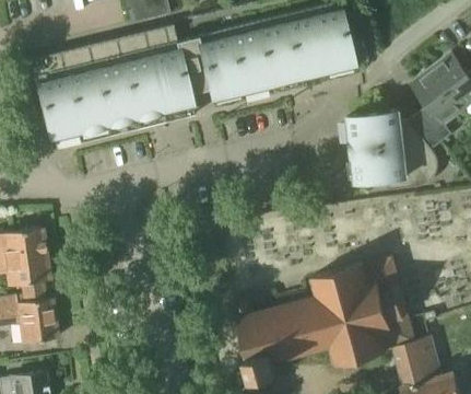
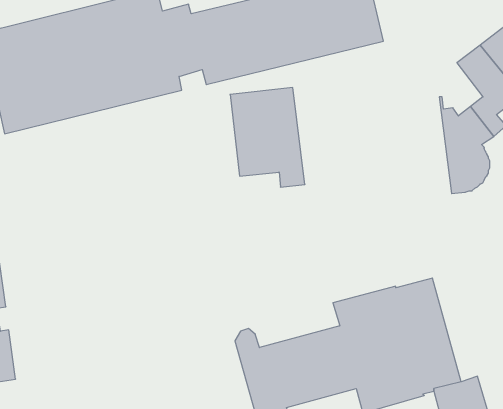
building: [348,111,408,190] -> [230,88,305,187]

